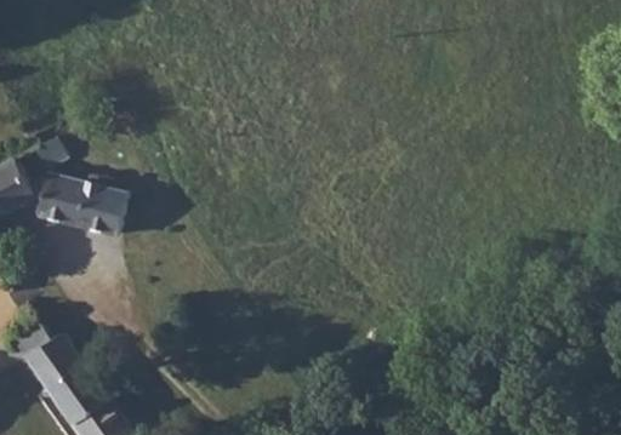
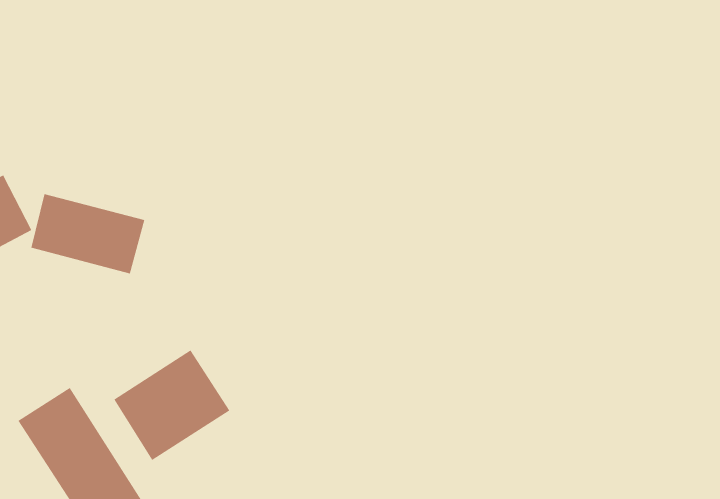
building: none -> [114,350,230,461]

